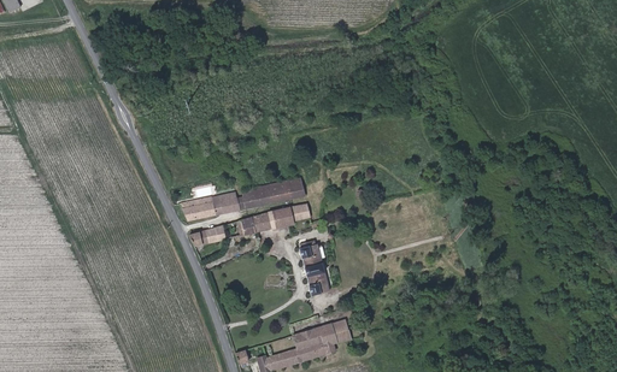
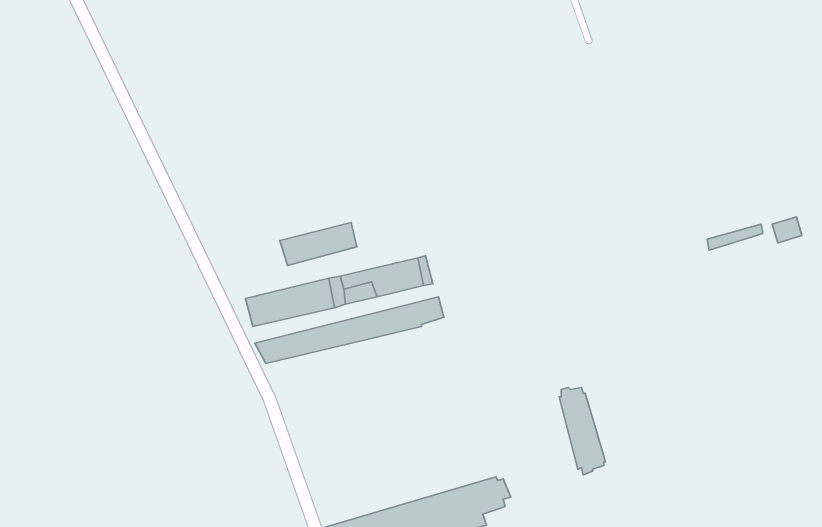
building: none -> [280,223,357,265]
building: [299,240,329,296] -> [559,388,606,475]

